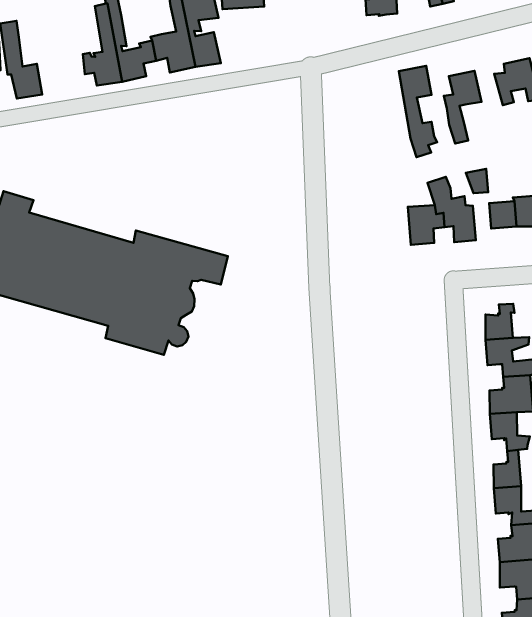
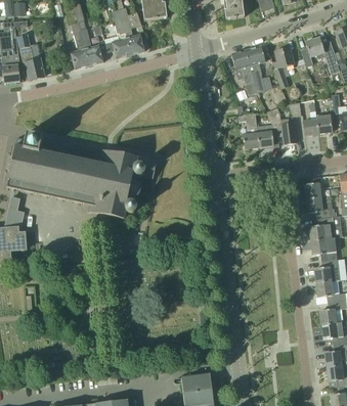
building: none -> [230,49,257,95]
building: none -> [237,112,259,148]

